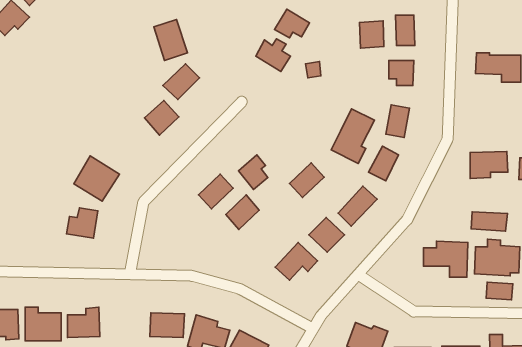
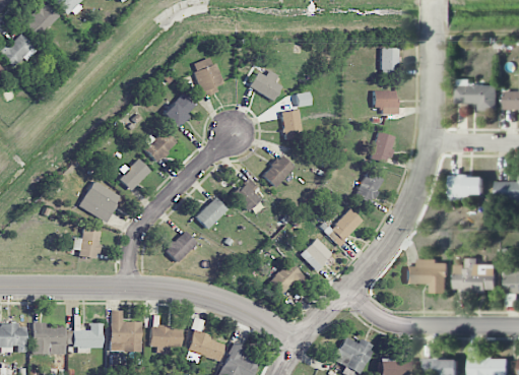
building: [275,9,310,38] -> none
building: [154,19,187,60] -> [192,56,223,95]
building: [360,21,384,48] -> none
building: none -> [282,110,303,139]
building: [331,109,374,163] -> none
building: none -> [118,159,151,191]
building: [290,163,324,198] -> [263,154,296,187]
building: [226,195,259,230] -> [166,230,197,262]
building: [471,212,507,231] -> none
building: [486,282,513,300] -> none
building: none -> [111,310,142,352]

